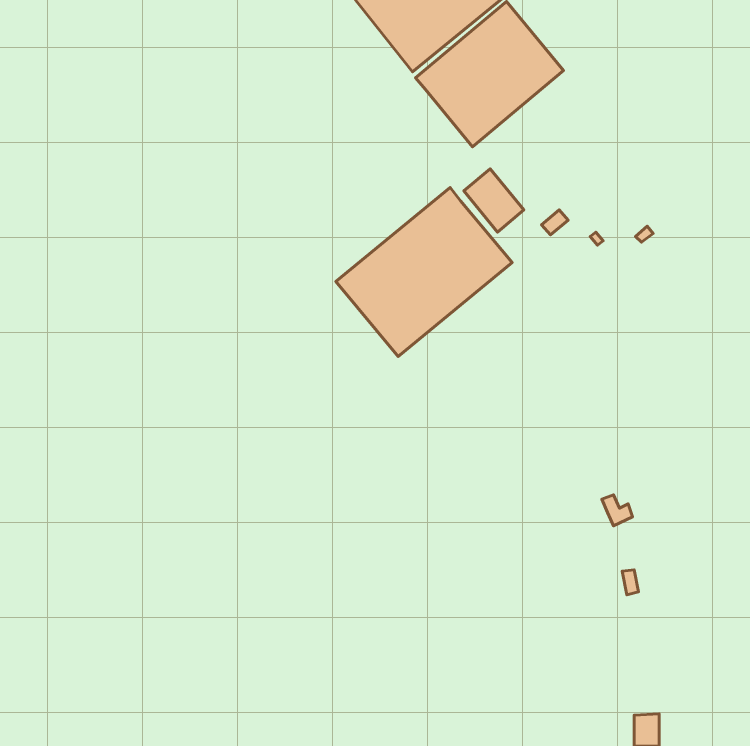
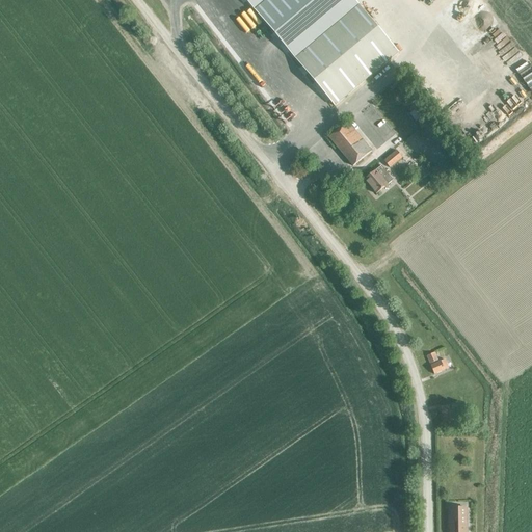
building: [336,188,512,356] -> none
building: none -> [364,163,393,192]

